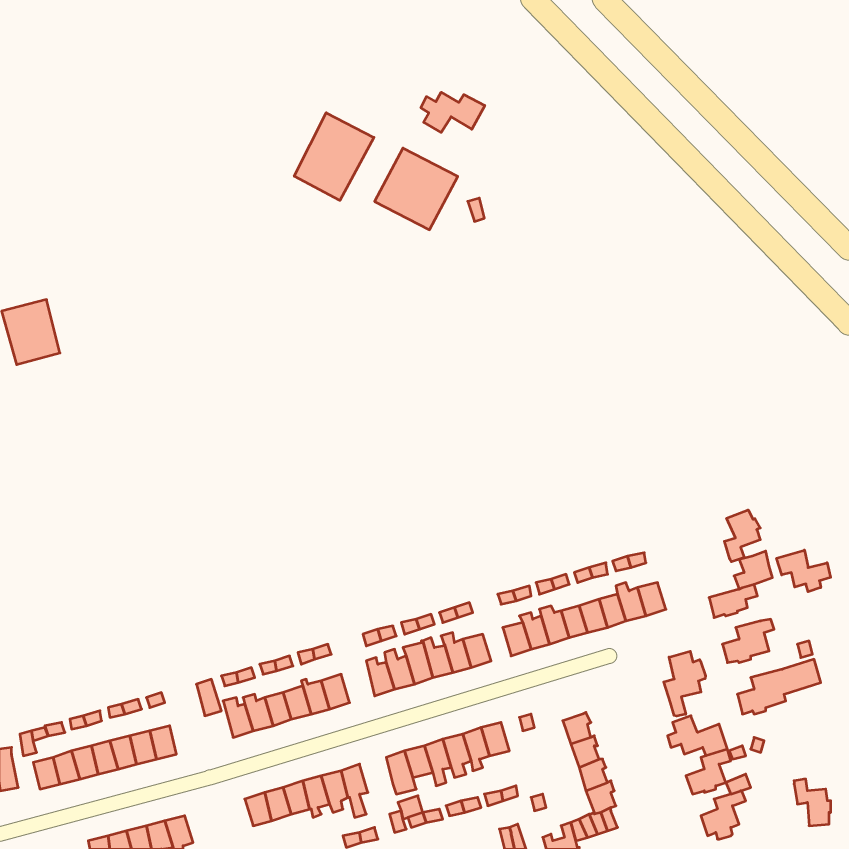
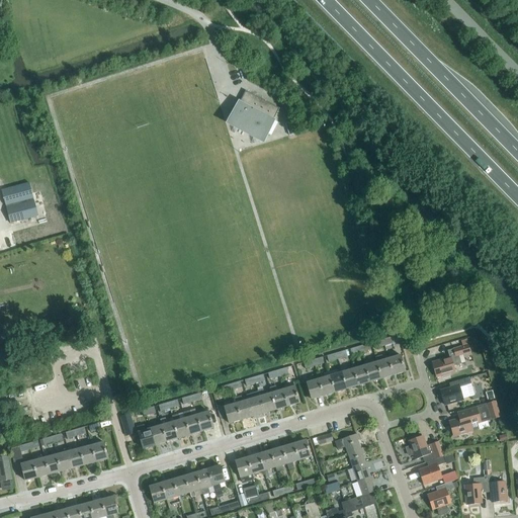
building: [421,92,485,132] -> none
building: [294,113,374,200] -> none
building: [724,510,760,562] -> none
building: [777,550,831,592] -> none
building: [664,651,705,716] -> none
building: none -> [464,472,485,505]

